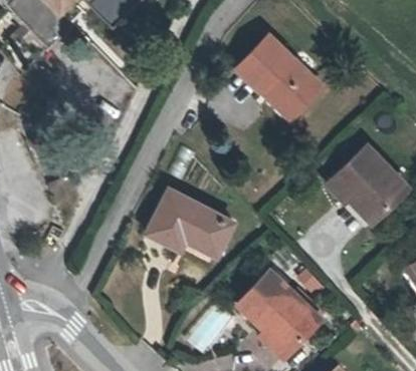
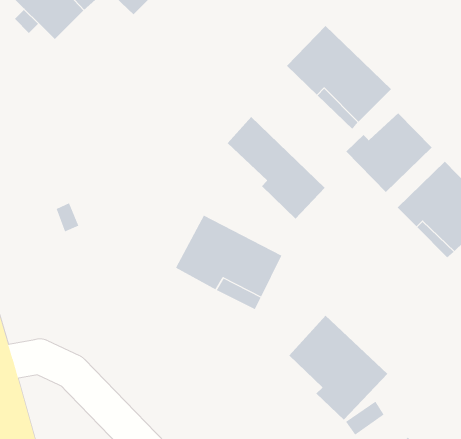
building: none -> [345,113,432,193]
building: none -> [227,116,325,219]

